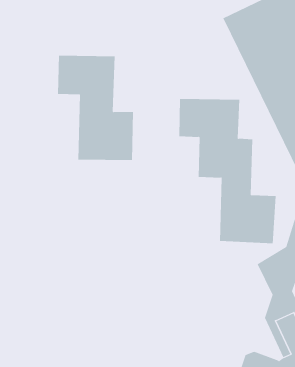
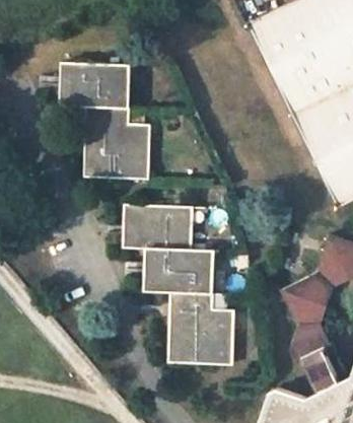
building: [178,99,276,244] -> [125,206,232,365]

